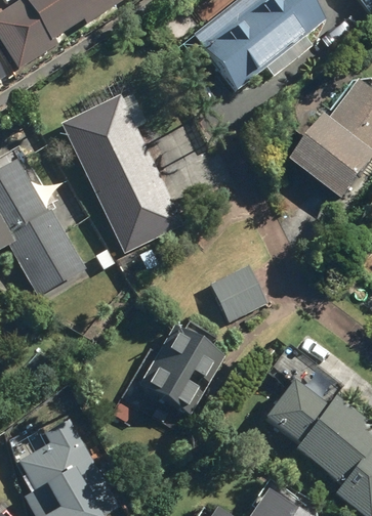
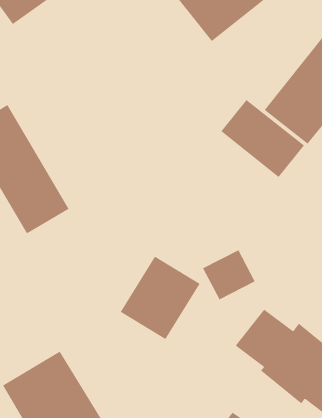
building: [59,90,183,250] -> none
building: none -> [221,99,305,178]
building: [208,263,266,318] -> [202,250,256,300]

